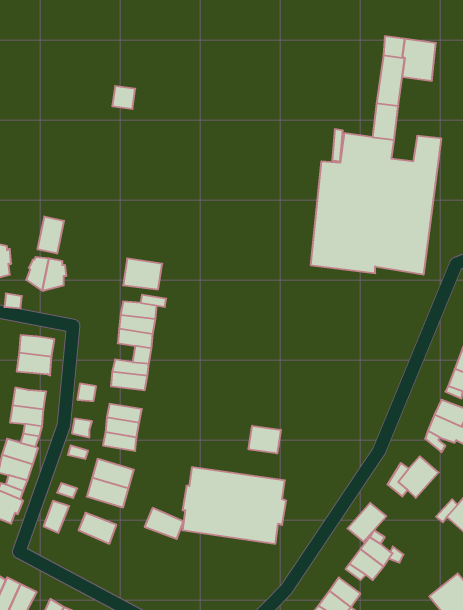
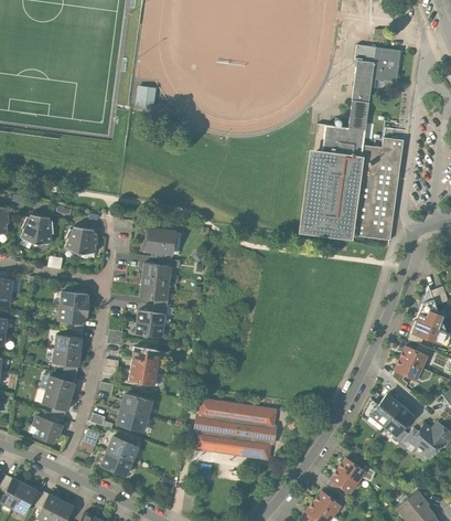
building: [38,216,64,254] -> none
building: [249,426,281,454] -> none
building: [347,503,386,542] -> [384,404,416,436]
building: [145,508,184,539] -> [101,451,133,477]

